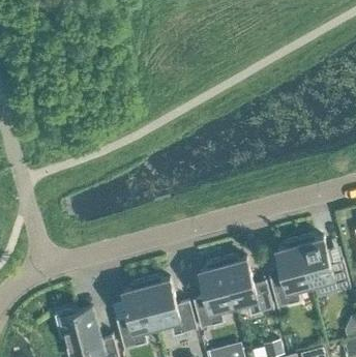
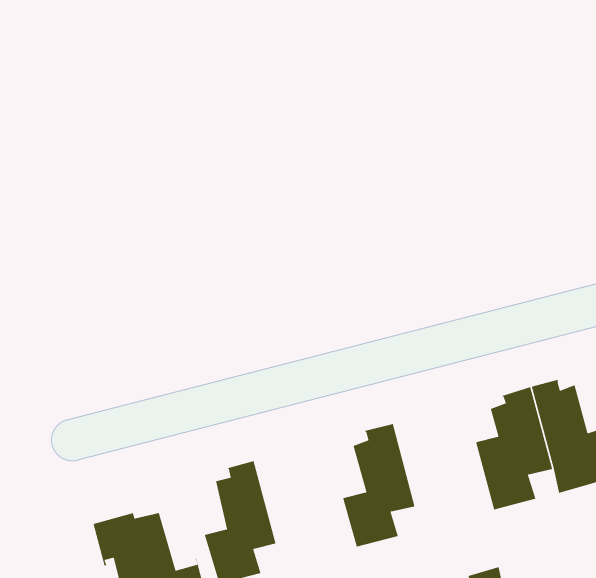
building: [221,256,273,317] -> none
building: [144,276,197,337] -> none

